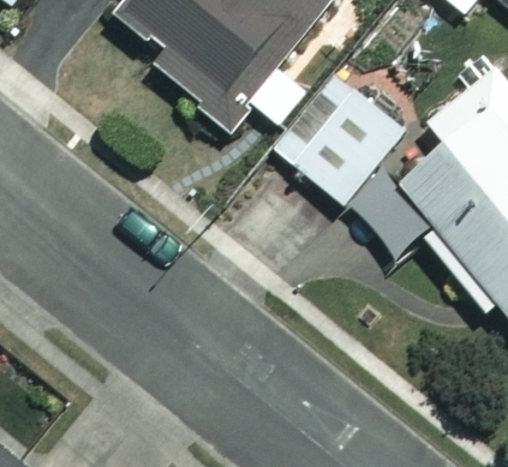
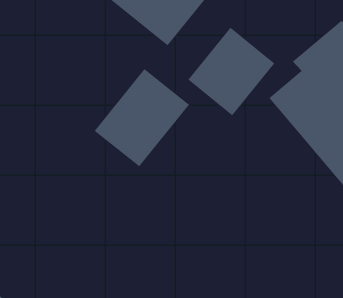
building: none -> [94,68,190,167]

